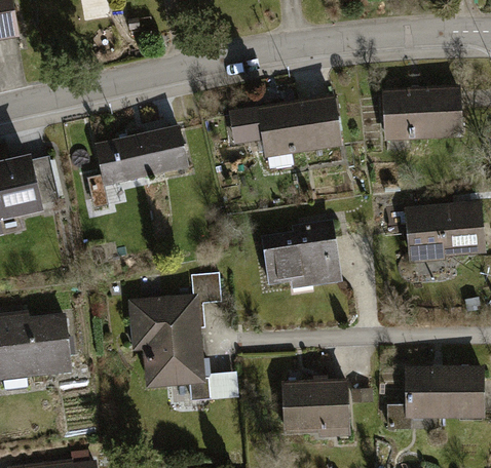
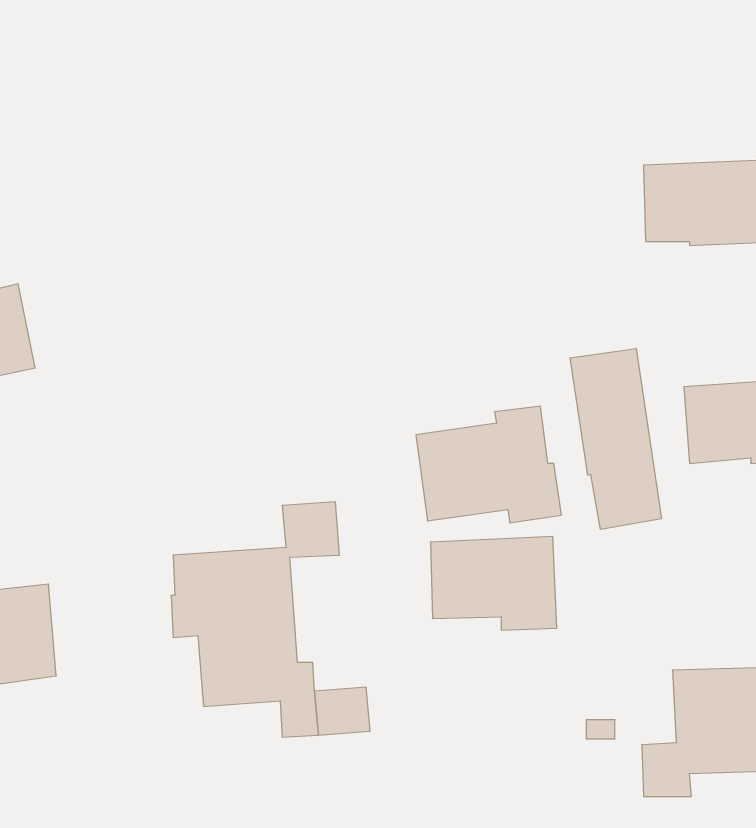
building: [237,99,340,166] -> none
building: [88,127,187,206] -> none
building: none -> [570,348,661,529]
building: [280,388,348,438] -> [430,536,557,630]

